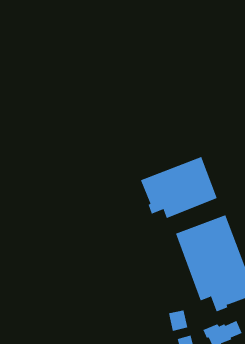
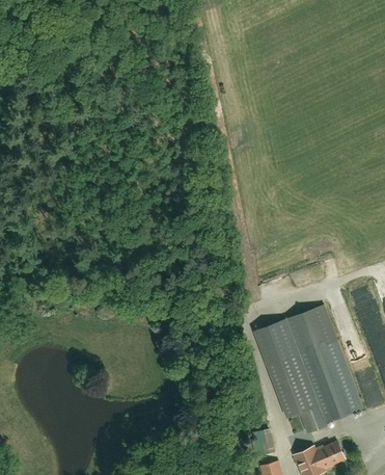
building: [140,156,218,219] -> none

